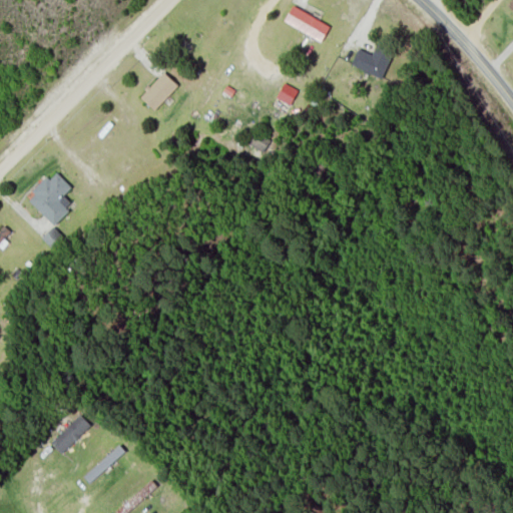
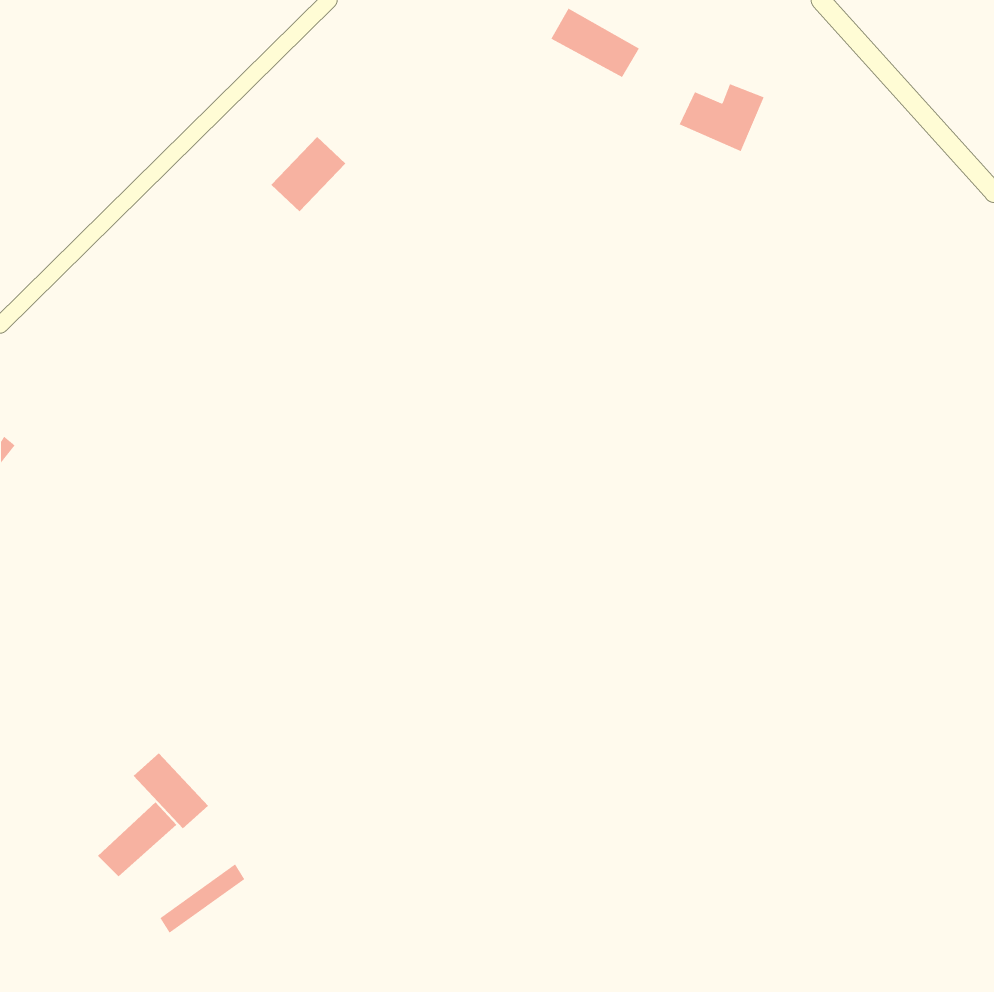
building: [26,172,73,224] -> none
building: none -> [133,753,209,829]

